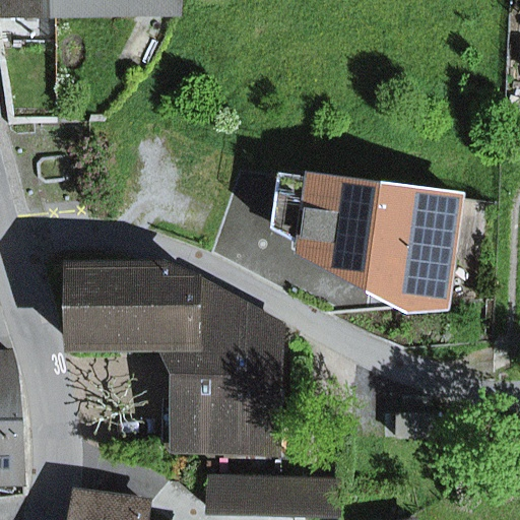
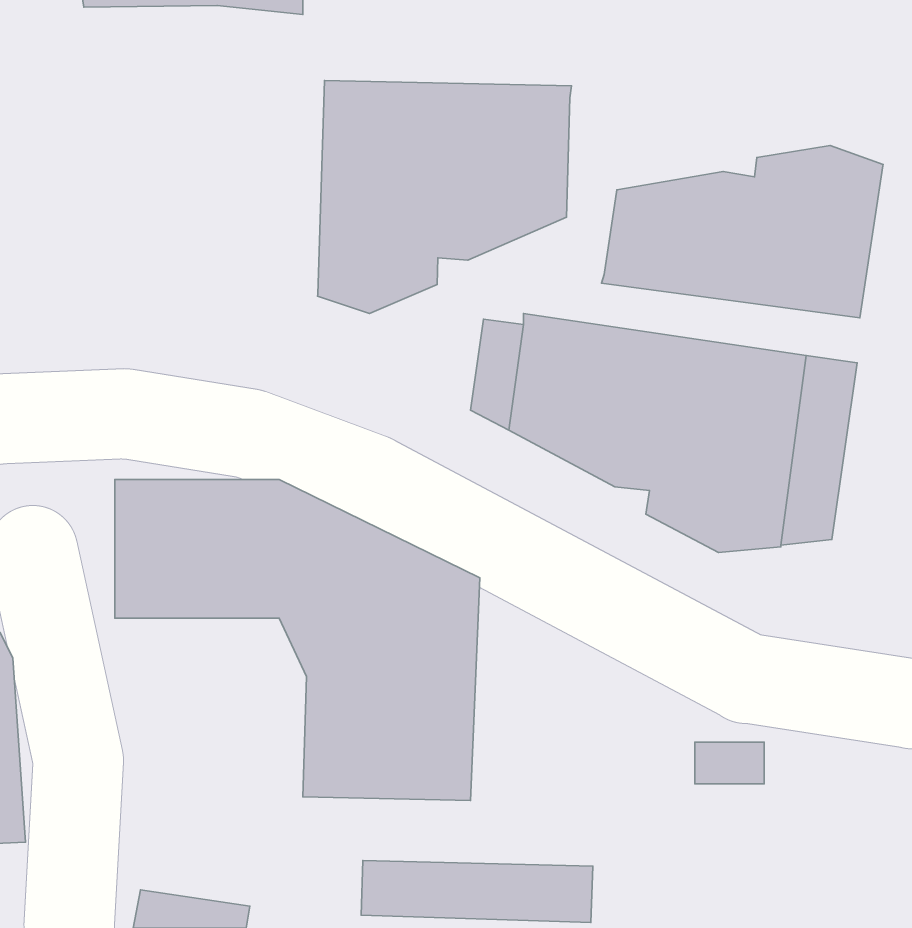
building: none -> [317,80,572,313]
building: none -> [602,145,883,318]

